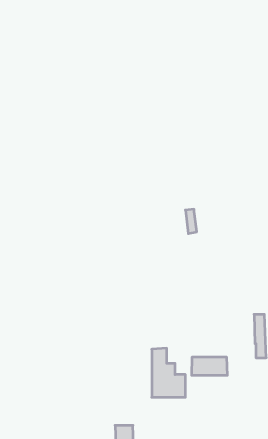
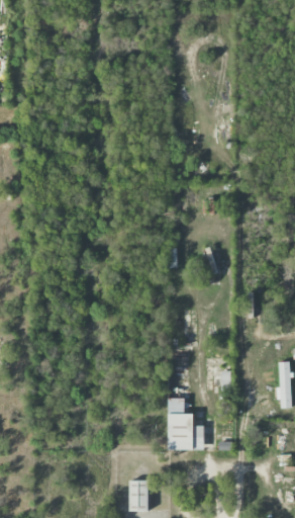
building: [192,357,227,375] -> none

